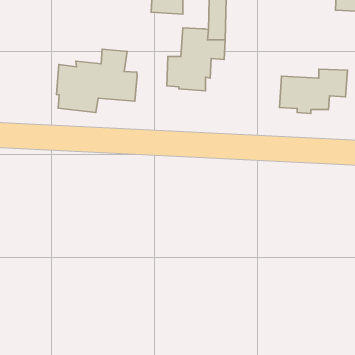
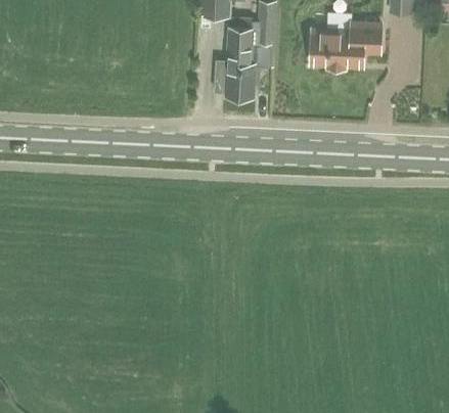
building: [57,49,137,112] -> none
building: [279,69,347,113] -> [311,22,381,68]

